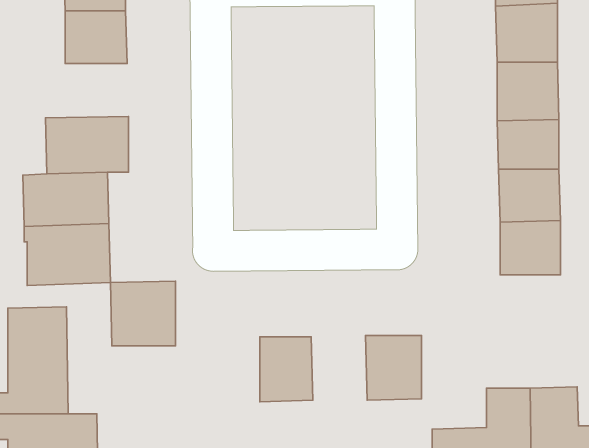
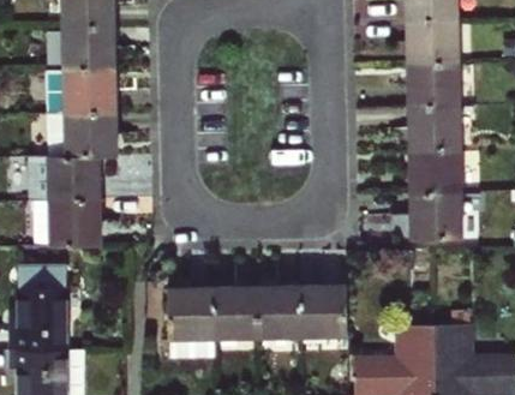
building: none -> [46,70,115,113]
building: [110,281,175,346] -> [168,287,220,339]
building: none -> [261,286,305,337]

